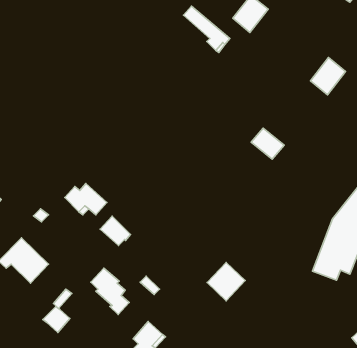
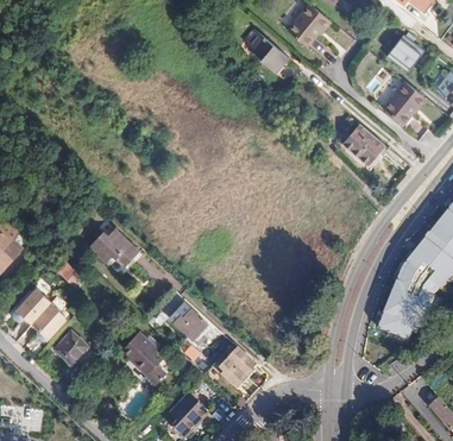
building: none -> [388,36,426,74]
building: [251,128,284,159] -> [339,122,378,159]
building: [100,216,130,245] -> [174,303,209,338]
building: [207,262,245,301] -> [216,347,262,392]
building: [43,306,70,333] -> [52,325,84,355]

